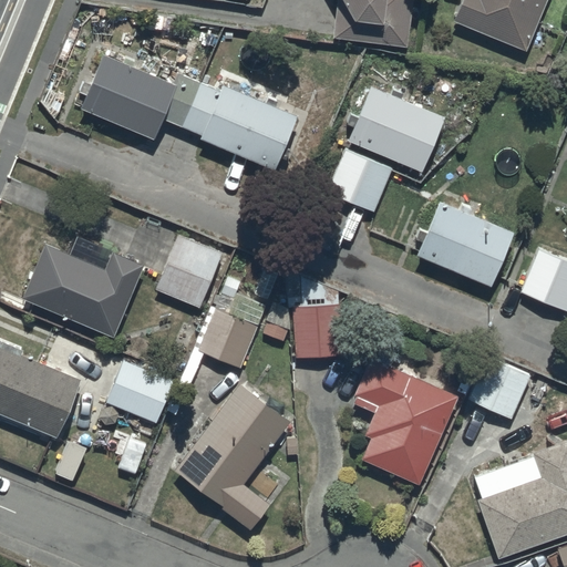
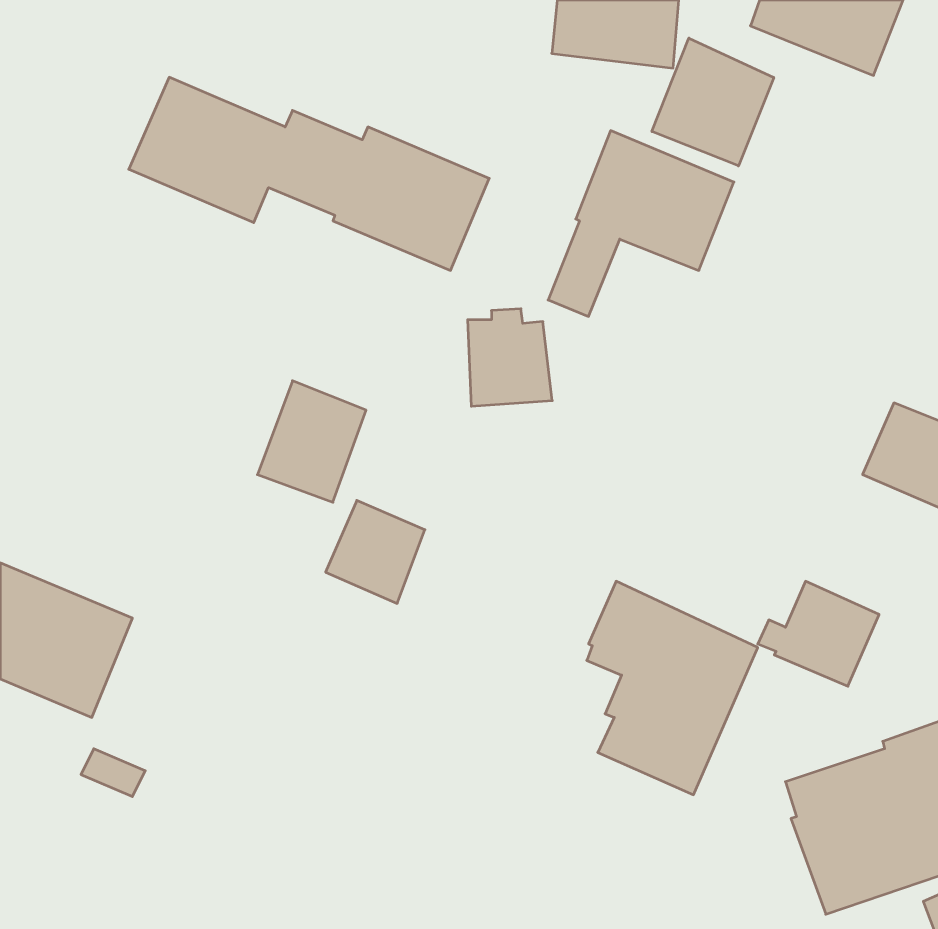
building: none -> [652,38,774,166]
building: [420,203,514,285] -> none
building: [22,244,142,337] -> none
building: [292,300,343,359] -> [468,309,552,406]
building: [106,361,174,424] -> none
building: [174,381,292,530] -> none

